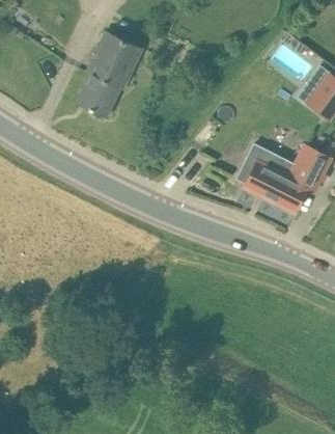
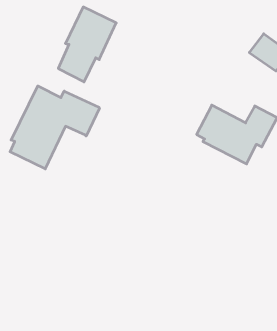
building: none -> [10,86,99,169]

